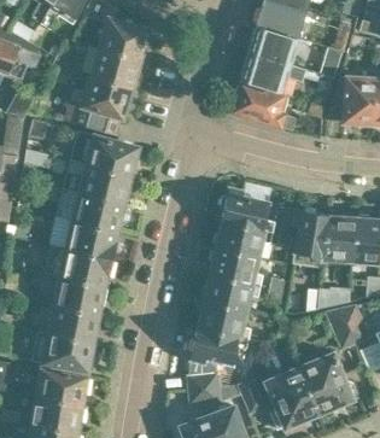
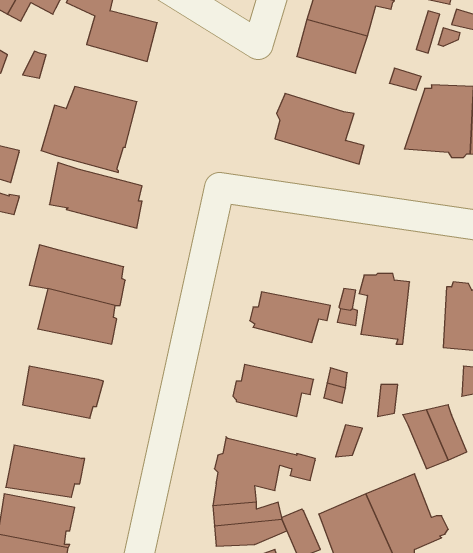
building: [88,45,140,86] -> none
building: [239,53,305,93] -> none
building: [68,159,133,204] -> none
building: [221,188,274,232] -> none
building: [323,214,355,262] -> none
building: [41,245,115,285] -> none
building: [210,247,262,285] -> none
building: [198,300,250,339] -> none
building: [45,303,103,341] -> none

